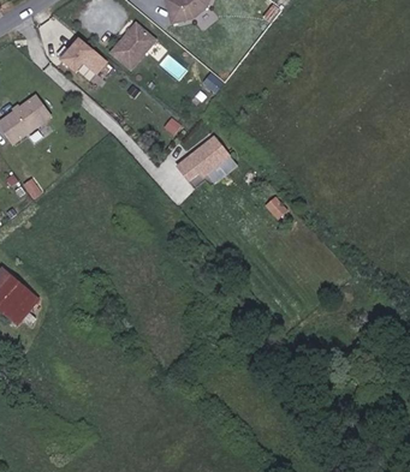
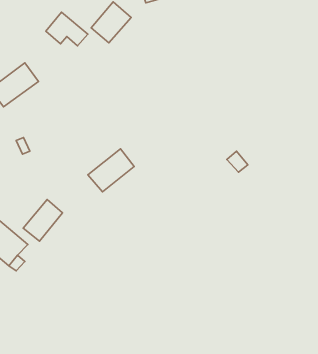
building: [176,133,228,183] -> [88,149,134,192]
building: none -> [23,200,63,241]

